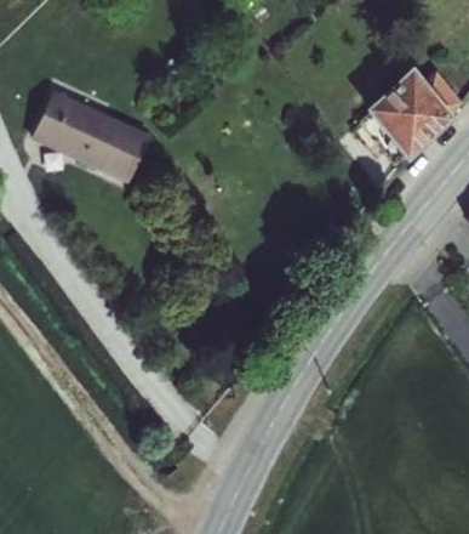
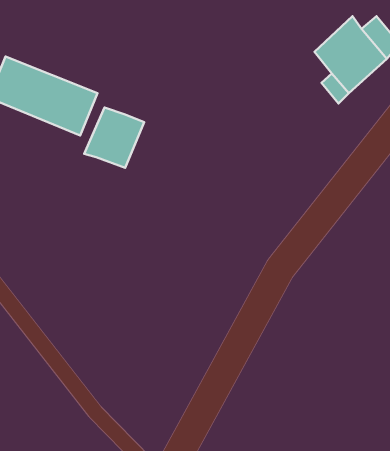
building: none -> [84,108,144,168]

